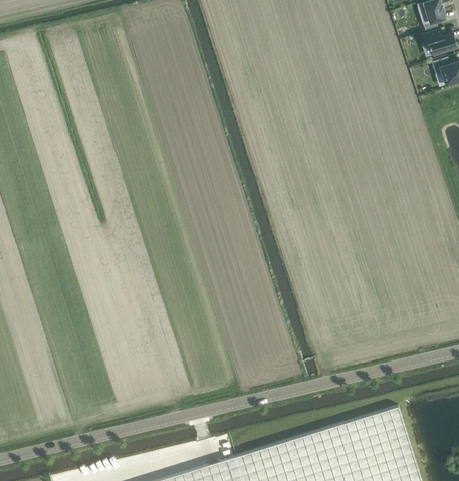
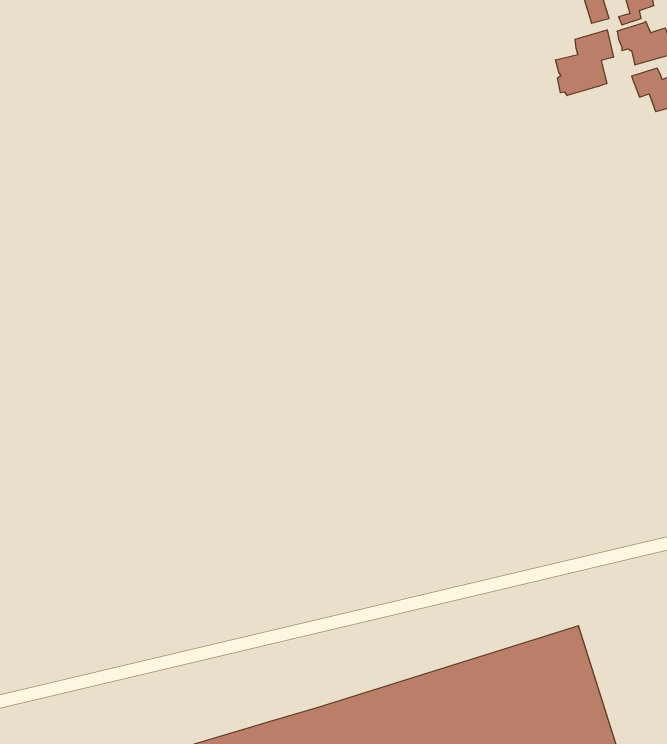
building: none -> [555,30,613,96]

